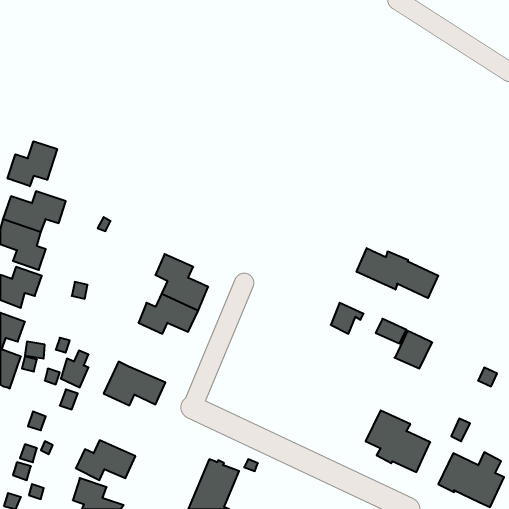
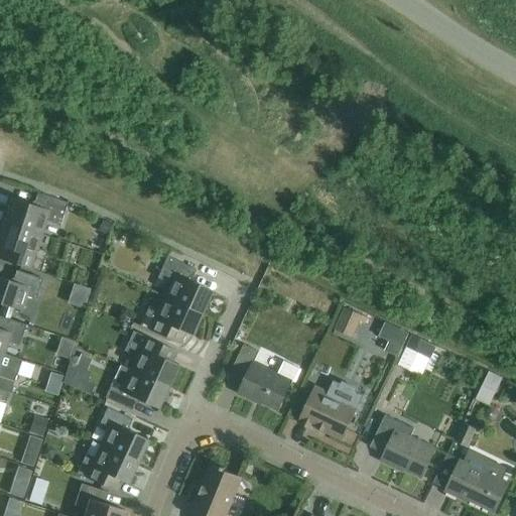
building: [8,141,57,186] -> none
building: [357,248,438,298] -> none
building: none -> [124,332,177,387]
building: none -> [230,345,302,410]
building: none -> [299,381,363,438]
building: none -> [98,408,147,462]

